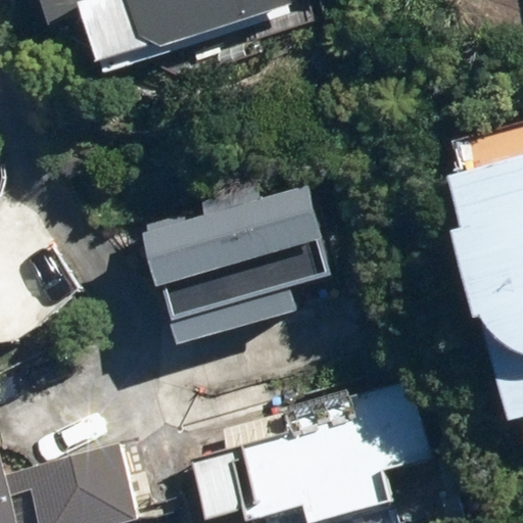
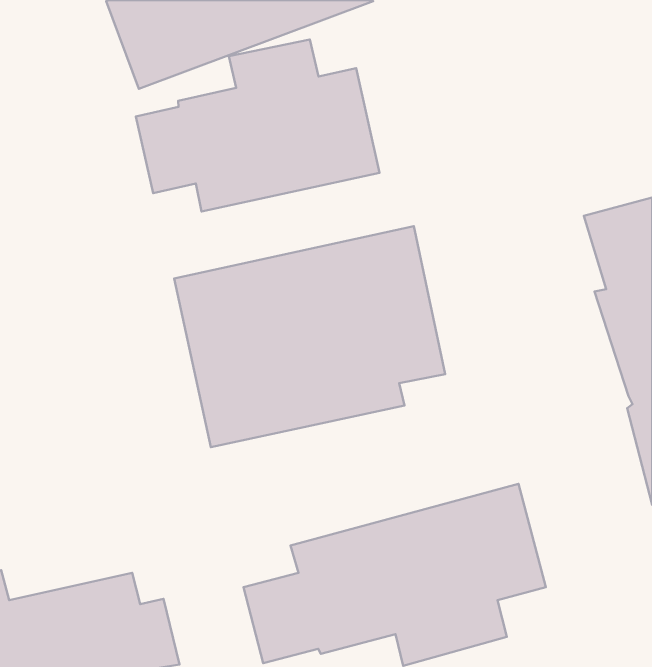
building: none -> [136,39,379,211]

